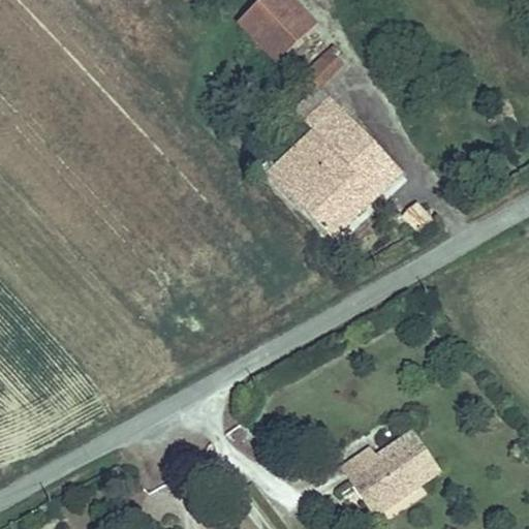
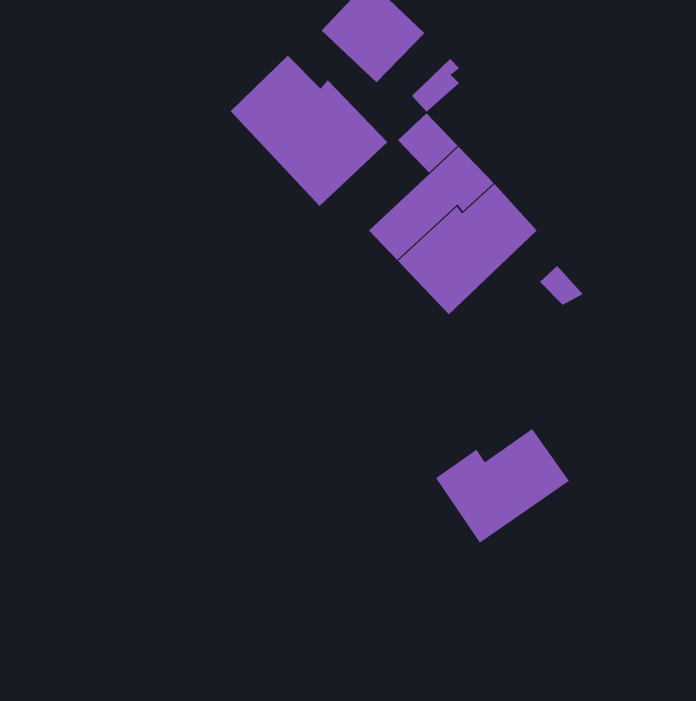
building: none -> [230,55,388,207]
building: [340,428,440,514] -> [435,428,570,543]

